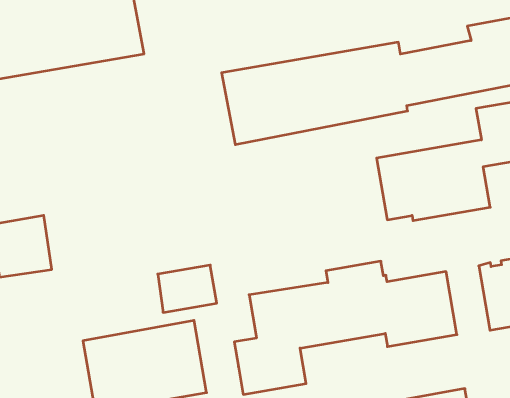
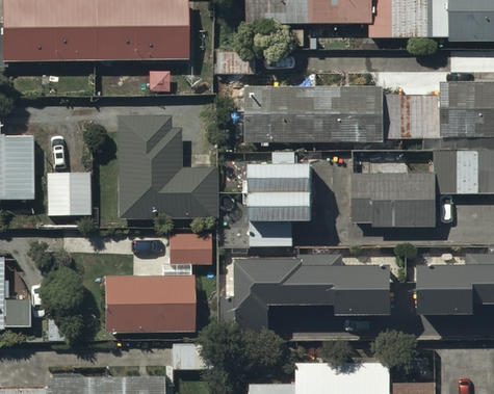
building: none -> [116,115,216,217]
building: none -> [250,150,311,245]

